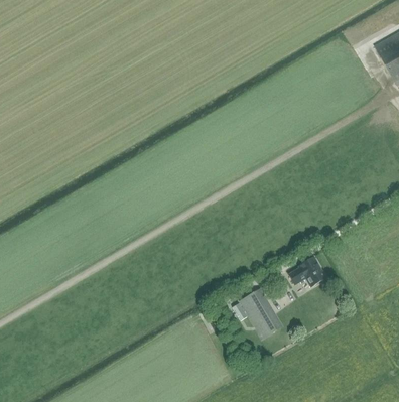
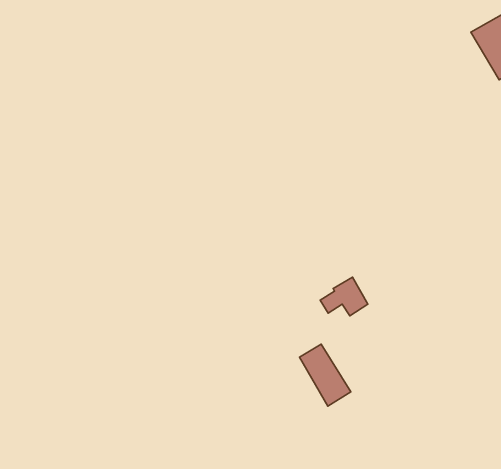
building: [287,254,324,284] -> [320,277,368,316]

